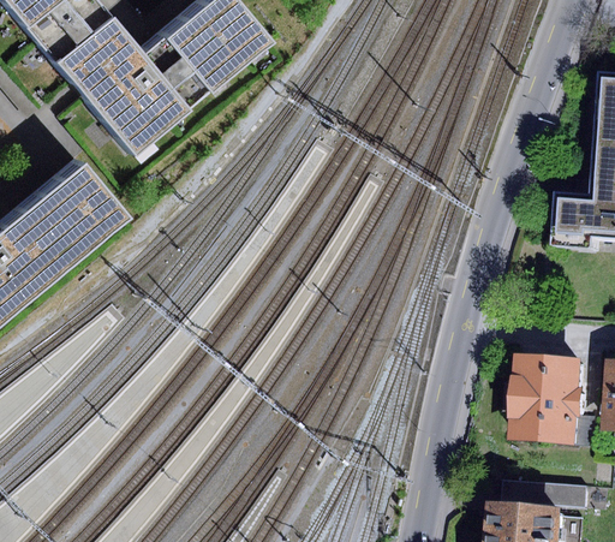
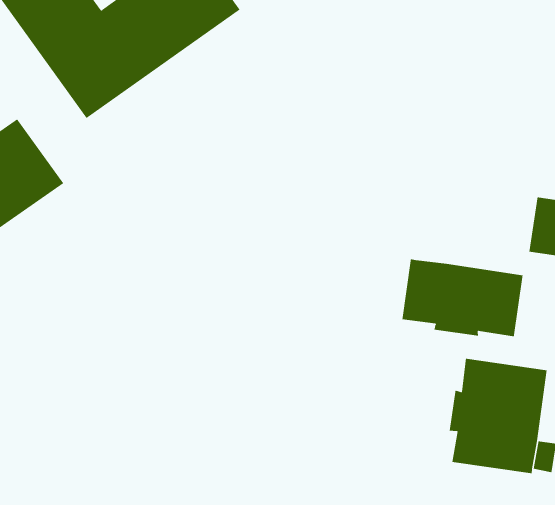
building: none -> [402,258,523,337]

